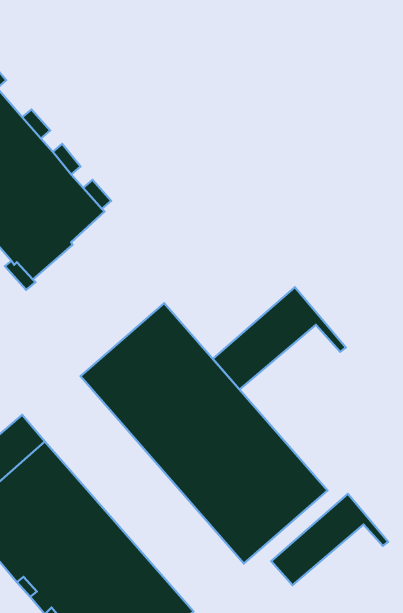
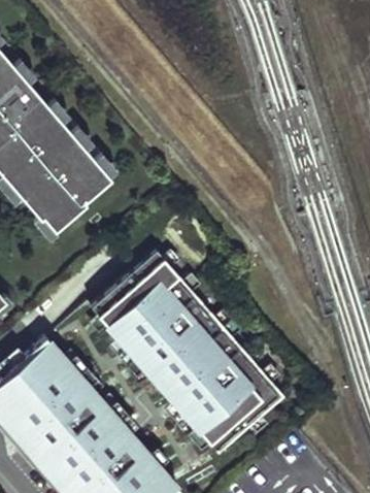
building: [213,287,346,389] -> none
building: [271,494,388,585] -> none

